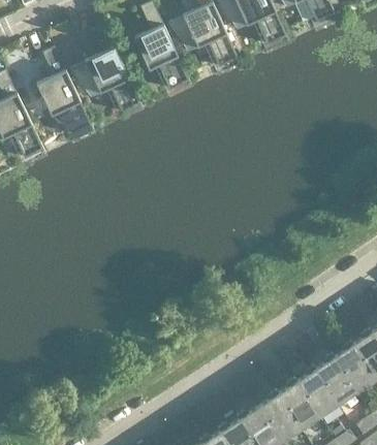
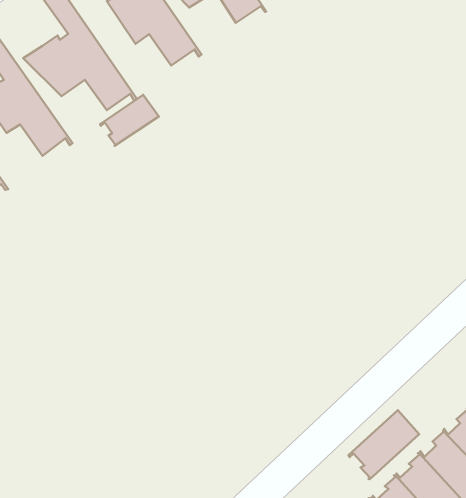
building: none -> [100,95,159,146]
building: none -> [349,410,419,479]

